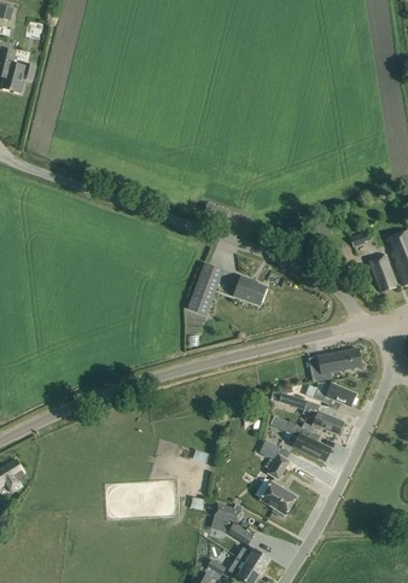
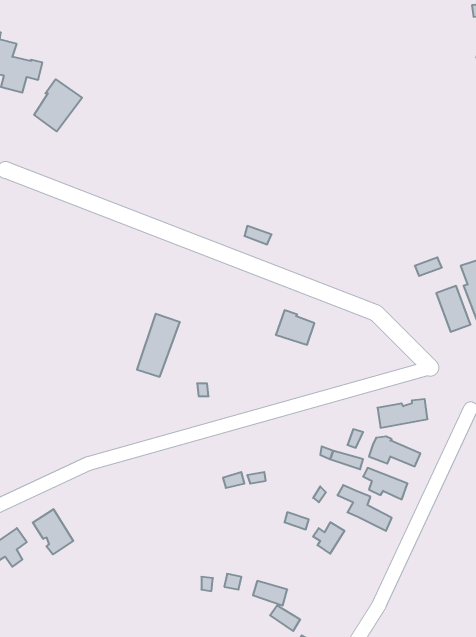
building: none -> [34,79,82,131]
building: [188,261,225,314] -> [137,314,180,377]
building: none -> [33,509,73,554]
building: [260,480,296,515] -> none

